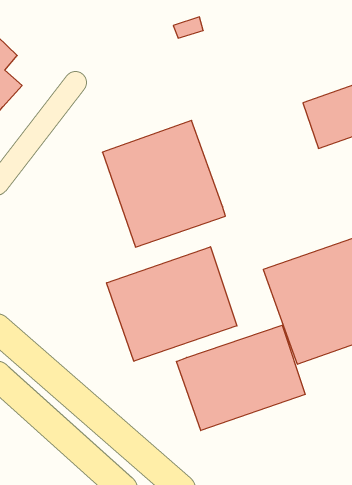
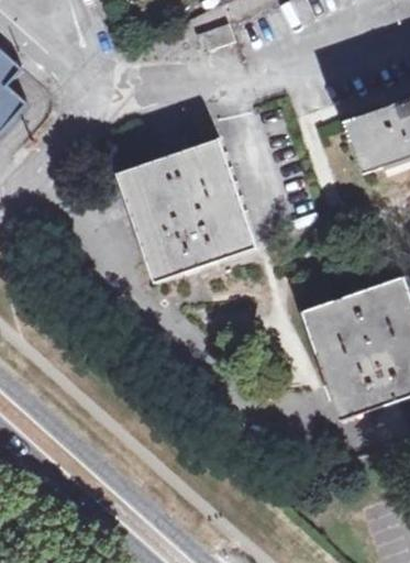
building: [107,247,237,361] -> none
building: [176,325,305,431] -> none

